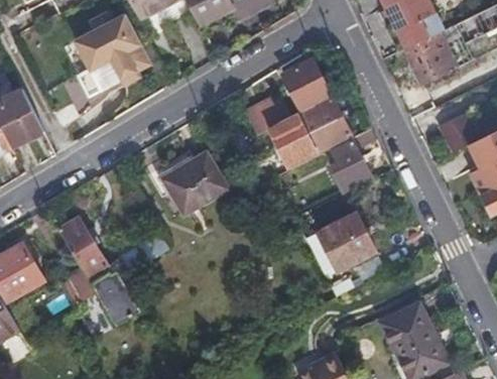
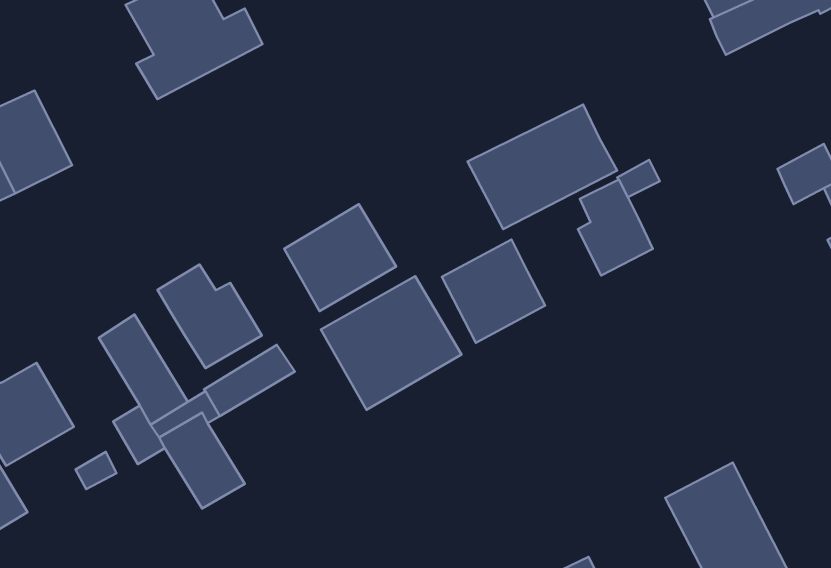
building: [411,50,463,96] -> none
building: [282,58,331,110] -> none
building: [244,99,290,134] -> none
building: none -> [157,265,262,368]
building: none -> [321,276,461,410]
building: [318,213,376,271] -> [442,240,545,343]

